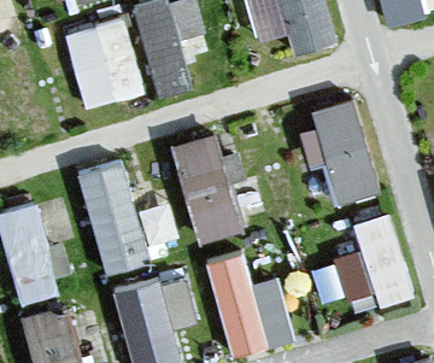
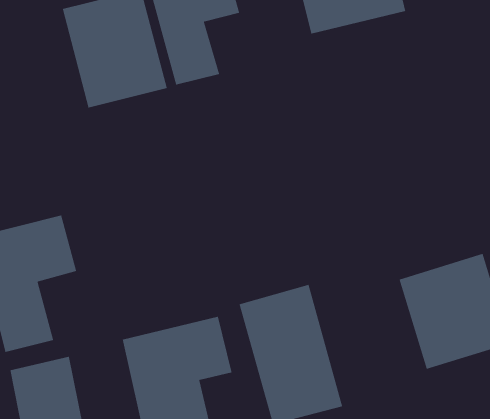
building: [305,95,379,203] -> none
building: [165,130,247,246] -> none
building: [76,159,157,275] -> none

